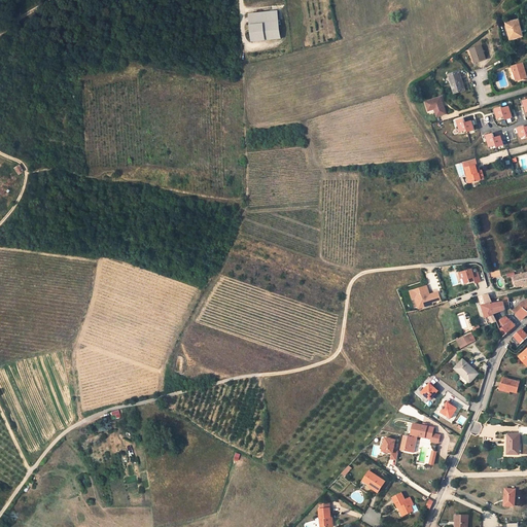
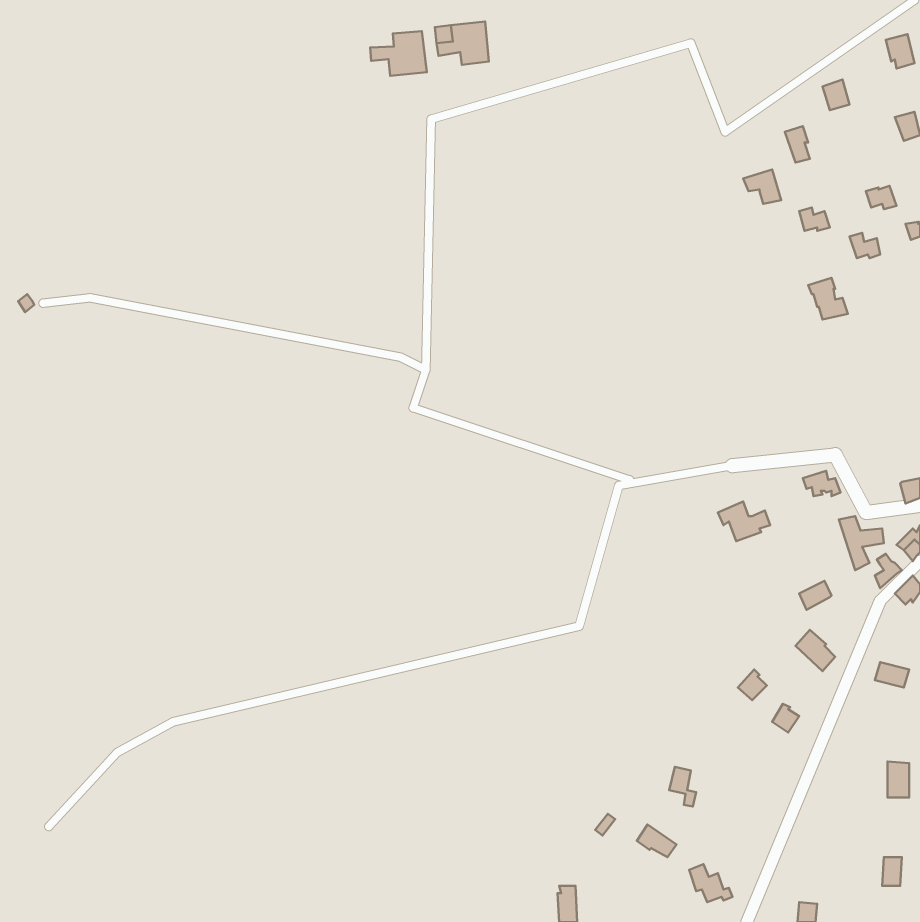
building: none -> [370,31,427,76]
building: [399,423,440,452] -> none

